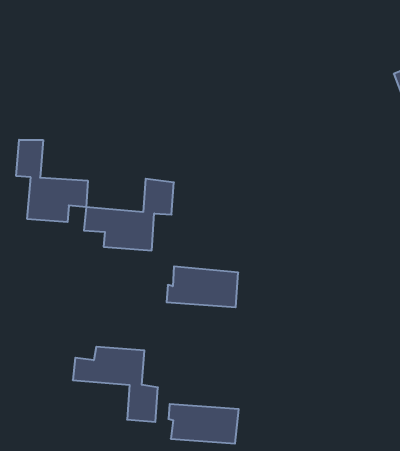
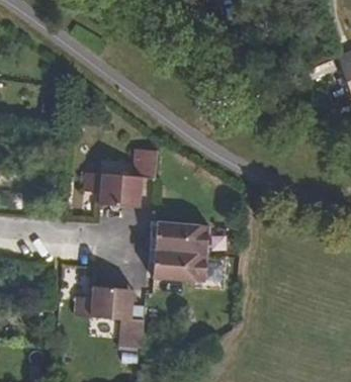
building: [16,140,88,222] -> none
building: [168,404,239,444] -> [151,249,208,281]

